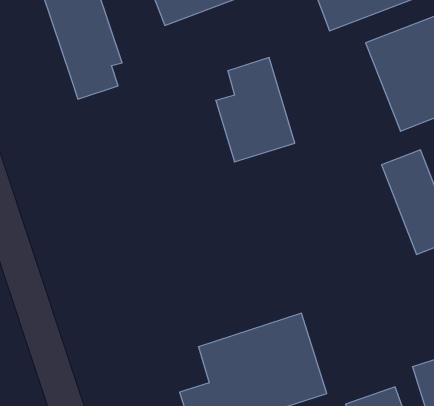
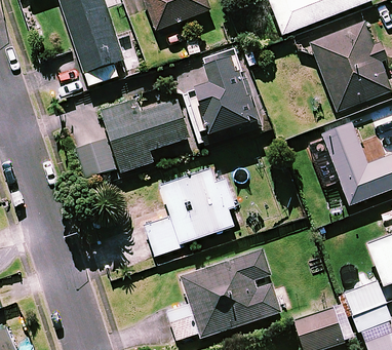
building: none -> [76,99,188,177]
building: none -> [145,168,242,255]

